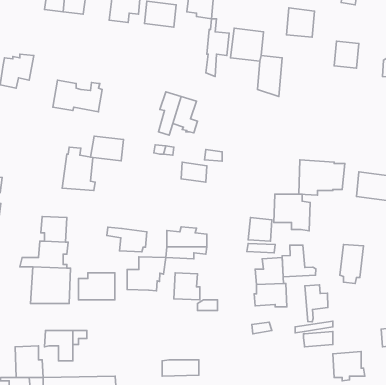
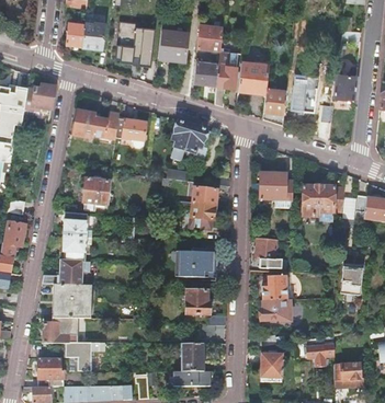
building: [286,8,315,37] -> [291,83,317,111]
building: none -> [194,59,218,85]
building: [91,136,124,161] -> [115,118,146,141]
building: none -> [63,211,92,238]
building: [274,194,310,231] -> [259,173,293,207]
building: [107,227,147,252] -> [178,200,215,223]
building: [282,245,316,277] -> none
building: [127,257,166,291] -> none
building: [78,273,115,300] -> [44,318,78,343]
building: [305,285,328,322] -> none
building: none -> [181,343,203,370]
building: none -> [260,353,282,378]

